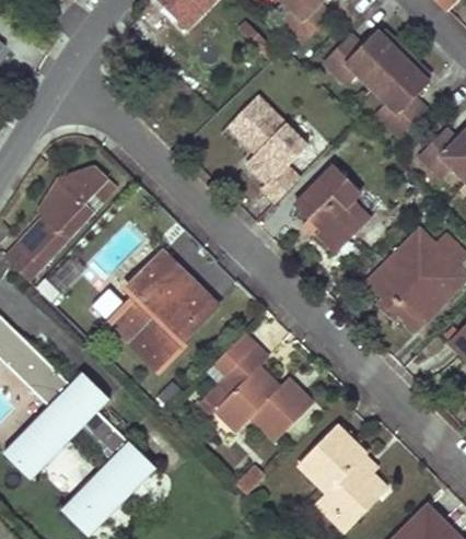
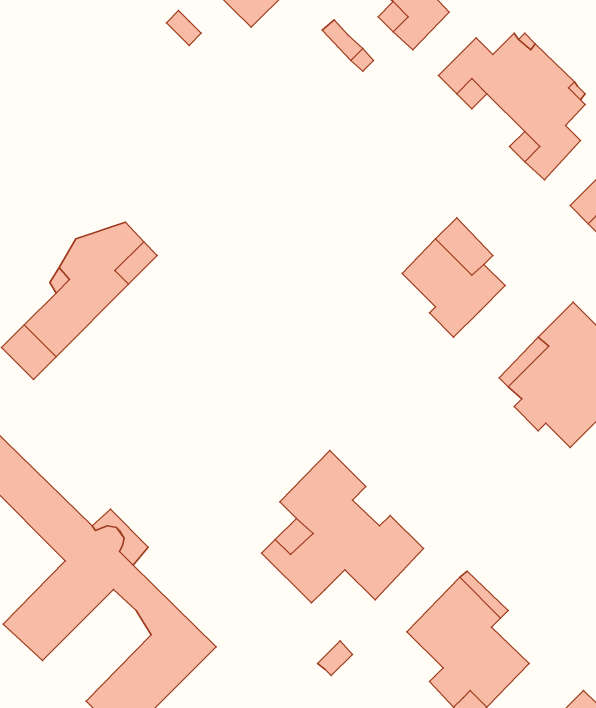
building: [228,97,306,202] -> none
building: [112,249,219,368] -> none

